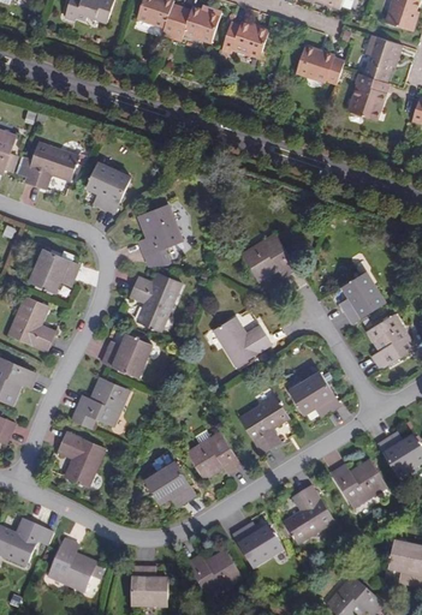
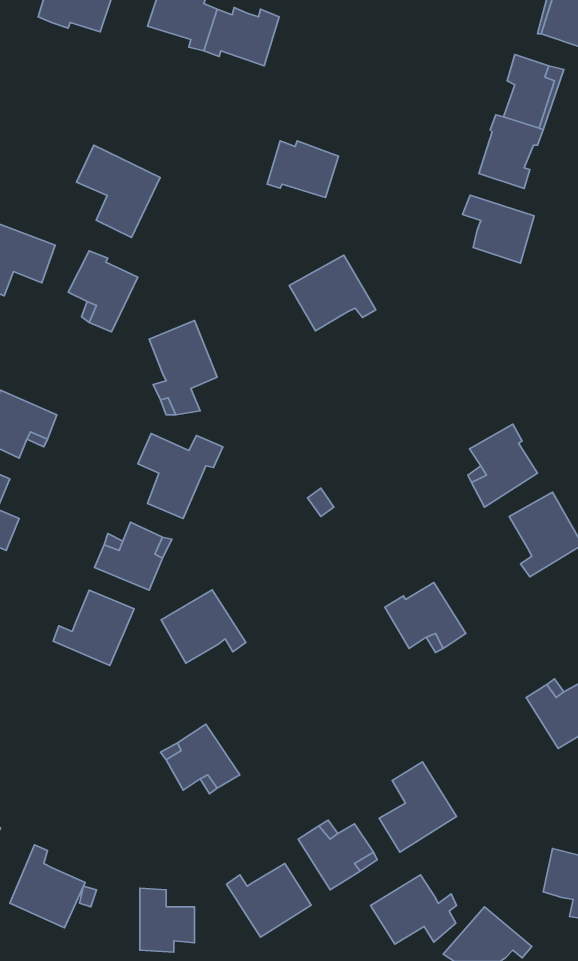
building: [221,20,267,56] -> [267,141,339,198]
building: [296,46,344,83] -> none
building: none -> [76,145,160,237]
building: none -> [462,195,534,263]
building: [240,233,296,281] -> [289,255,376,331]
building: [213,316,271,366] -> none
building: [239,395,289,453] -> none
building: [58,431,103,485] -> none
building: [186,431,240,478] -> [161,590,246,663]
building: [332,460,386,507] -> none
building: none -> [371,875,457,944]

